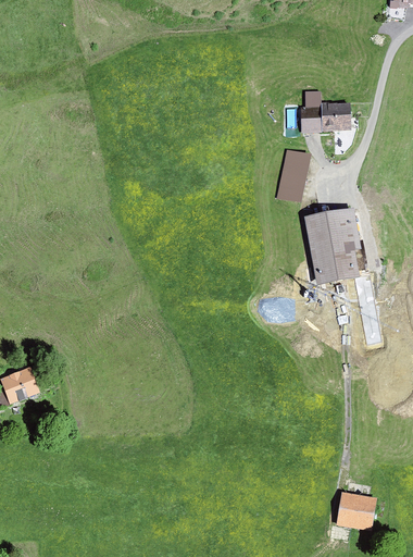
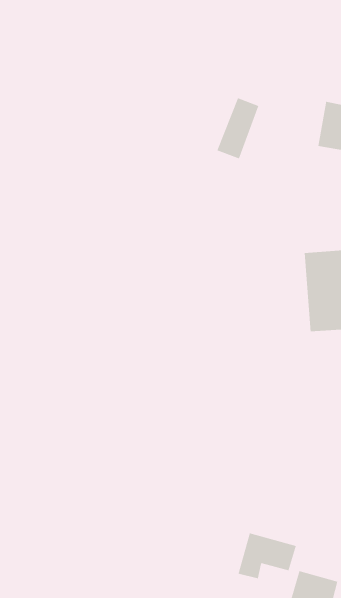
building: [277,151,308,203] -> [217,97,259,159]
building: none -> [238,532,297,579]

